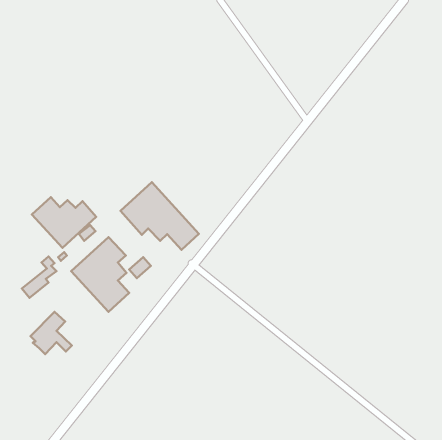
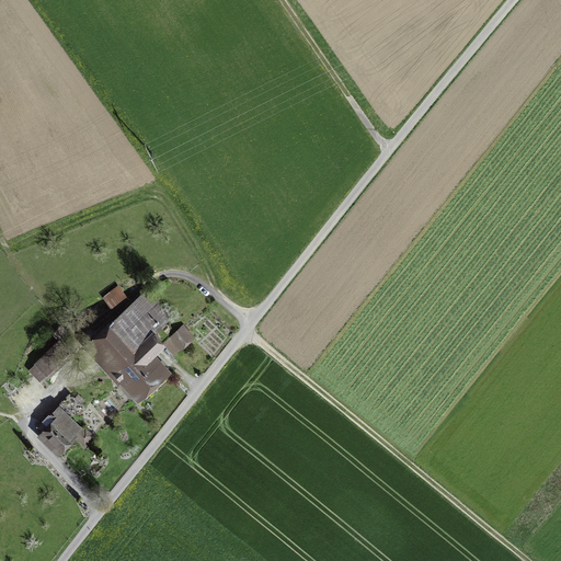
building: [121,182,199,250] -> none
building: [32,197,96,248] -> none

